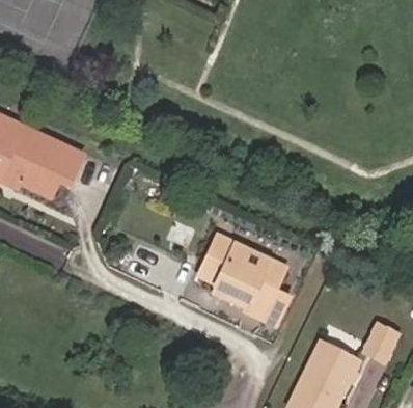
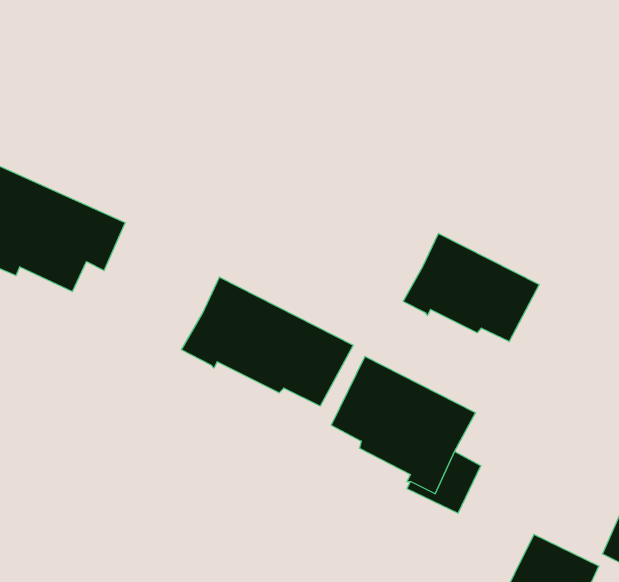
building: none -> [403,233,539,342]
building: none -> [182,277,353,406]

